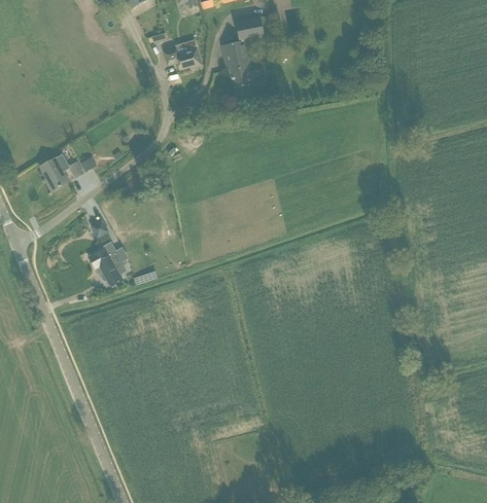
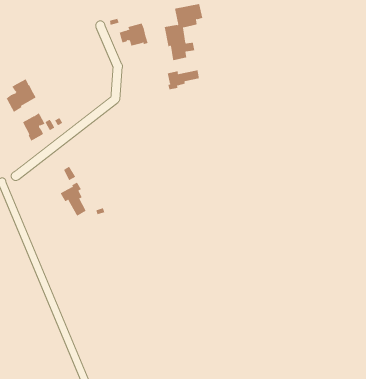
building: none -> [167,70,199,90]
building: none -> [6,78,37,113]

